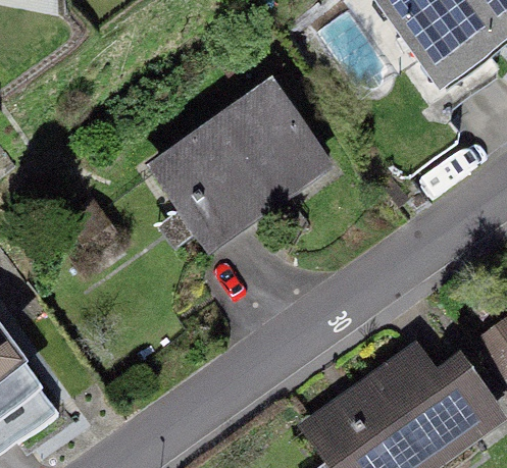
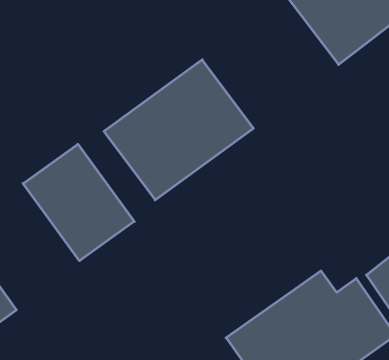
building: none -> [23,144,134,261]

